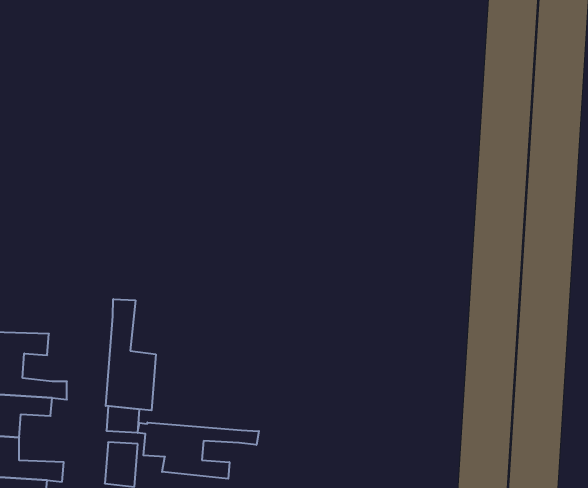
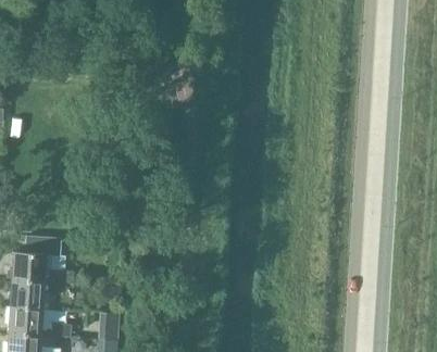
building: [106,299,156,410] -> none
building: [138,422,259,479] -> none

